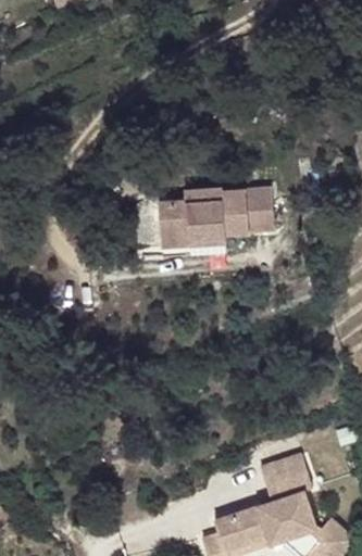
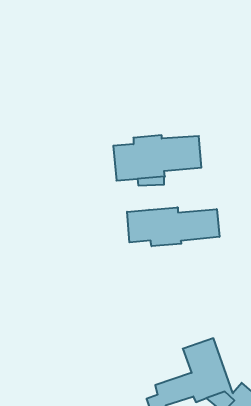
building: none -> [127,207,219,246]

